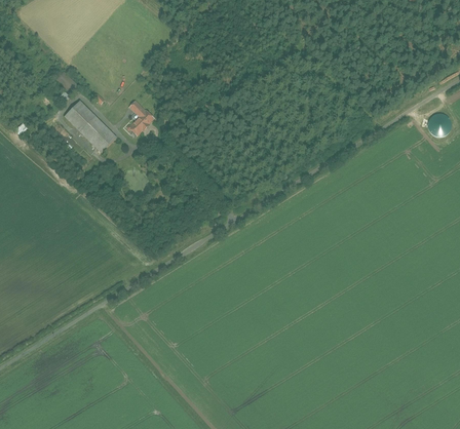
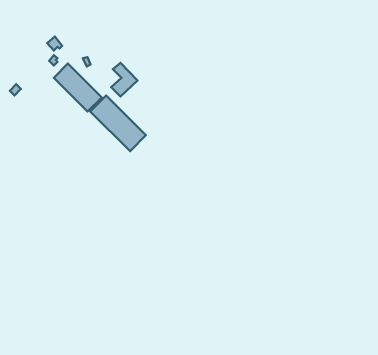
building: none -> [90,96,146,151]

